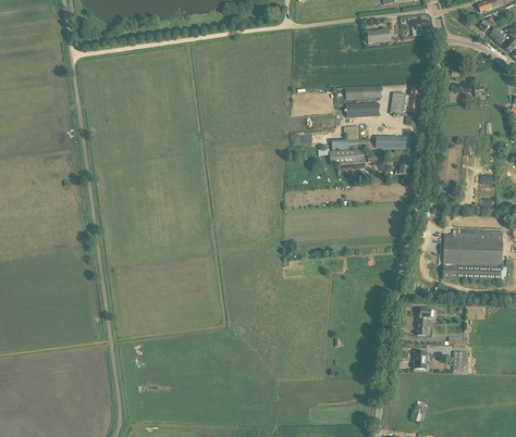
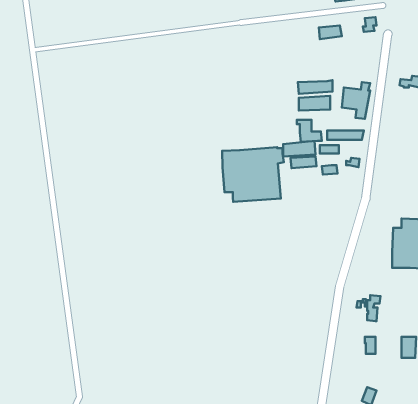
building: none -> [222,147,284,202]

